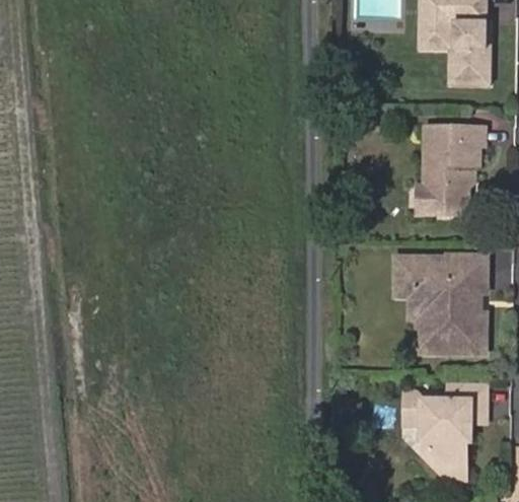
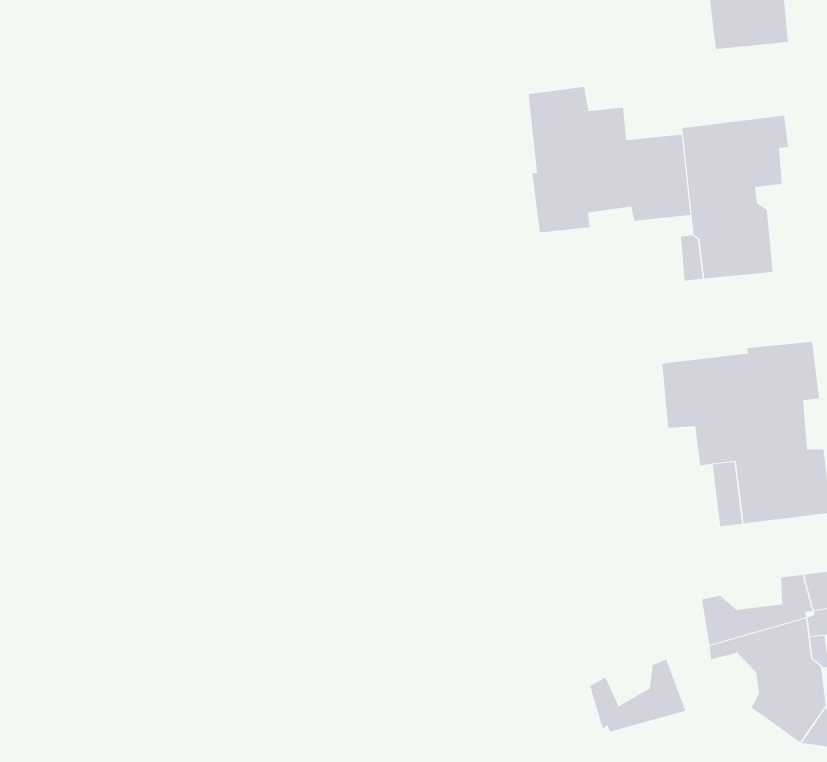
building: none -> [528,86,691,233]
building: none -> [589,659,686,733]

